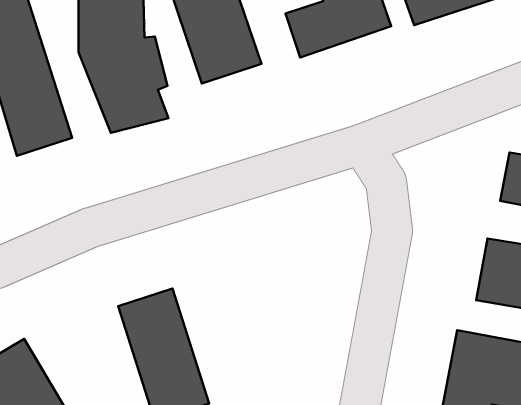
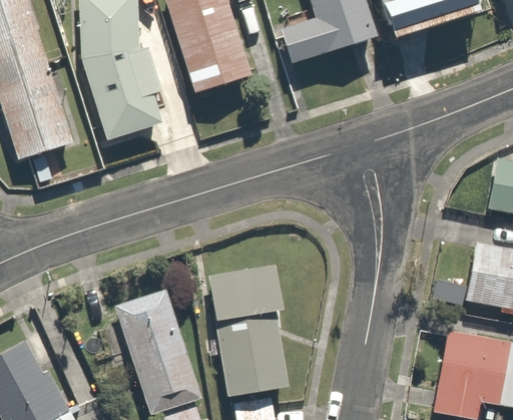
building: none -> [208,265,291,396]

